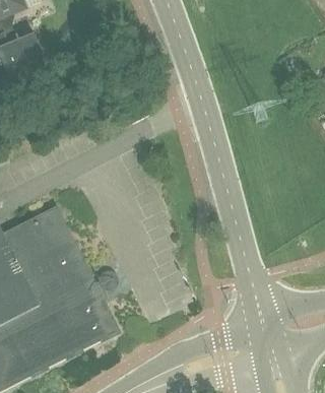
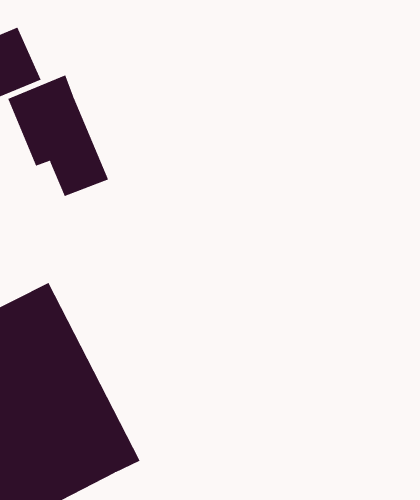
building: none -> [7,74,109,197]

